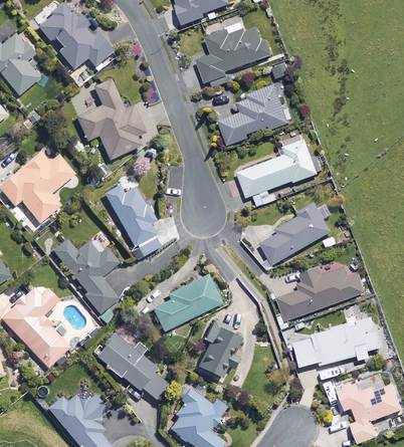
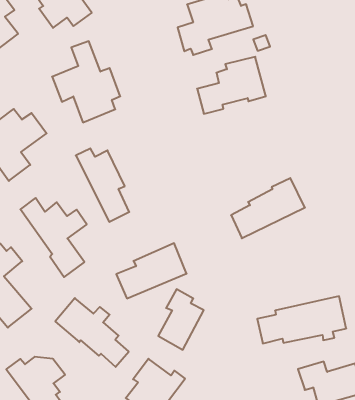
building: [238,139,318,207] -> none
building: [278,260,366,320] -> none

